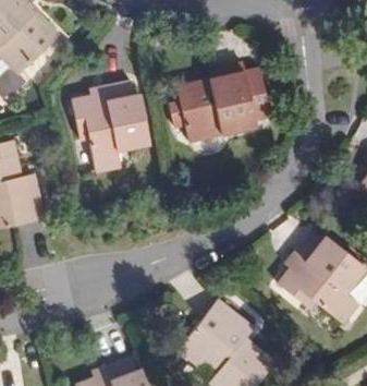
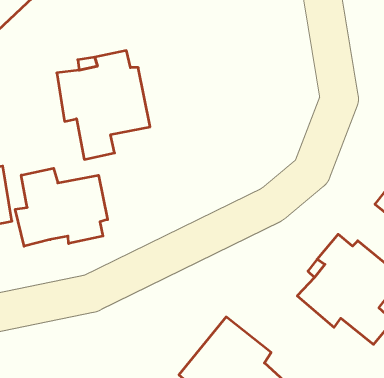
building: [168,64,271,141] -> none
building: none -> [15,168,108,246]

